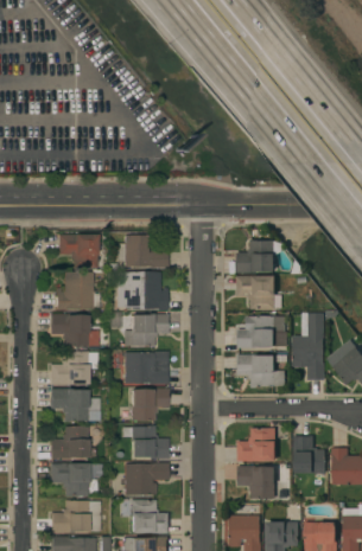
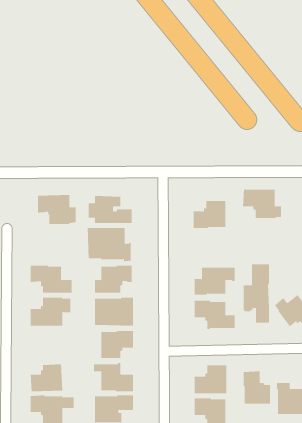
building: [56,271,100,309] -> none
building: [236,276,281,309] -> [242,189,282,218]
building: [50,389,100,422] -> none

